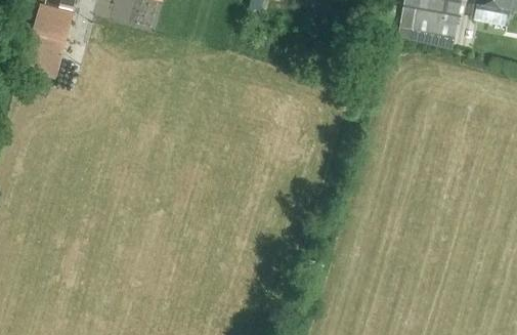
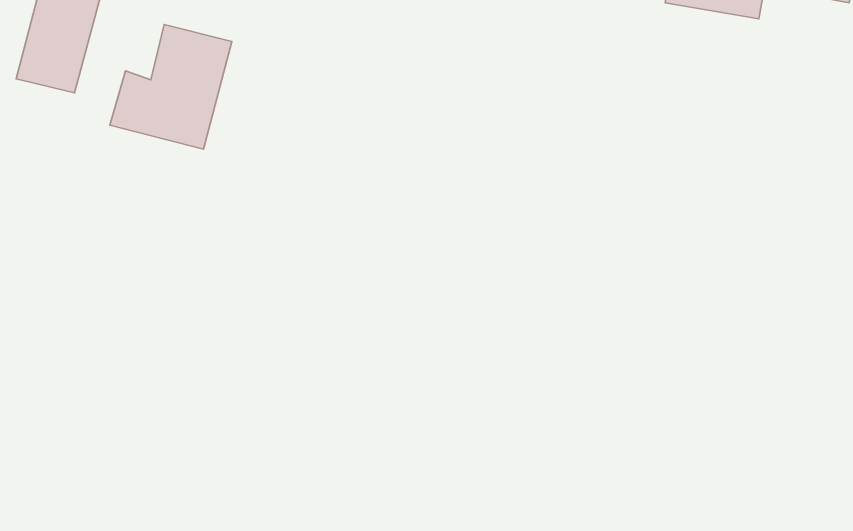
building: none -> [110,25,232,149]

